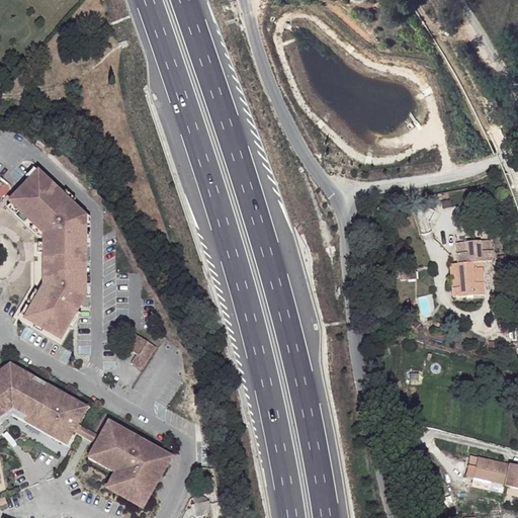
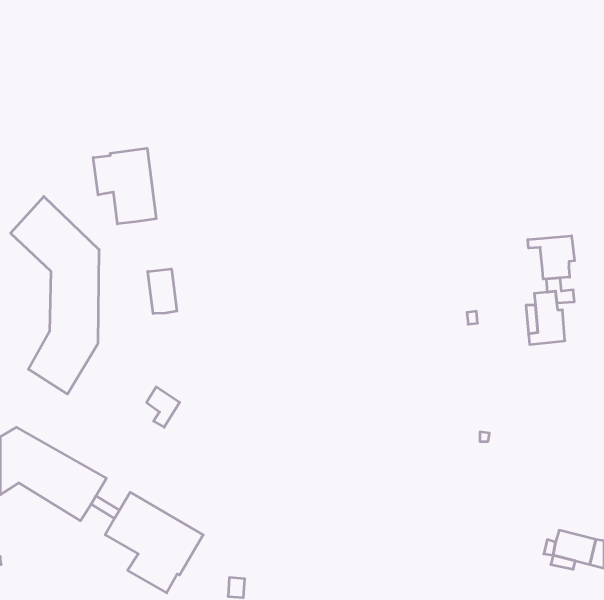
building: none -> [93,148,156,224]
building: none -> [528,236,575,279]
building: none -> [148,269,177,314]

